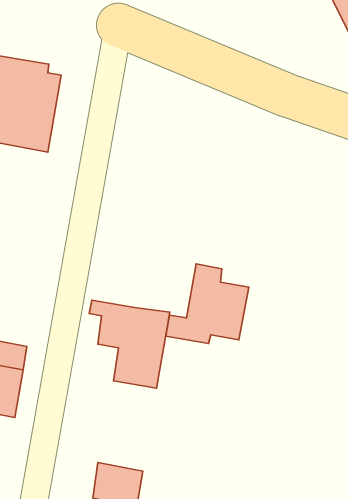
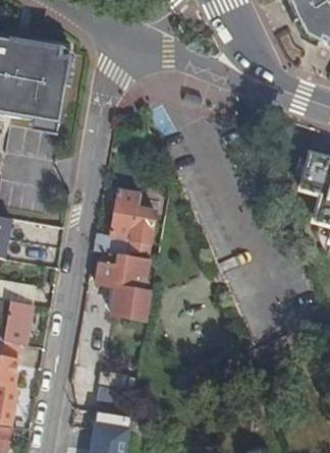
building: [166,264,249,343] -> [93,191,162,258]

